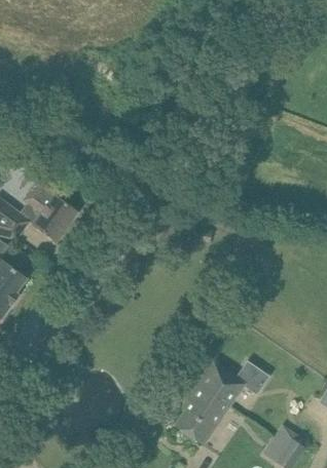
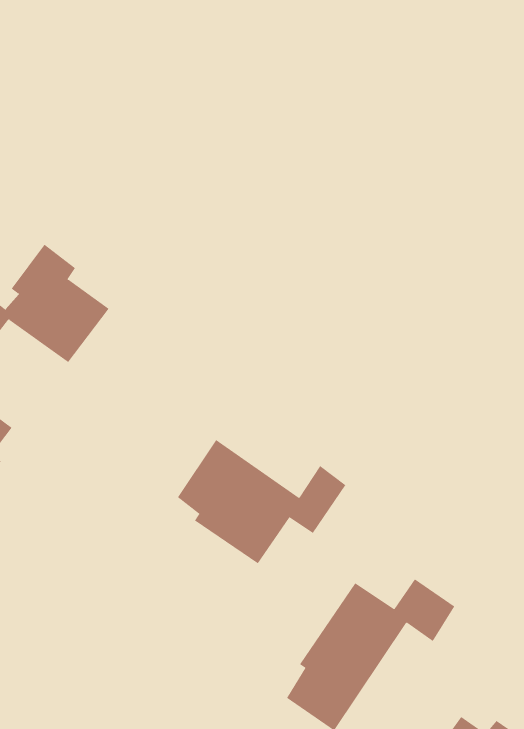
building: none -> [177,439,346,564]

